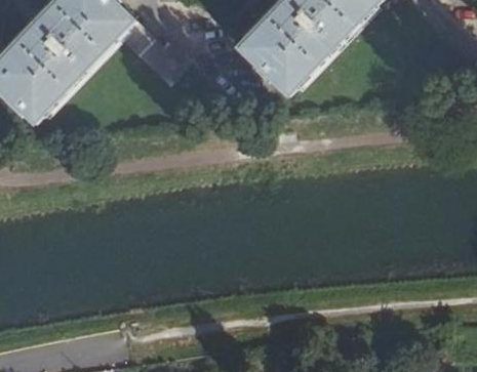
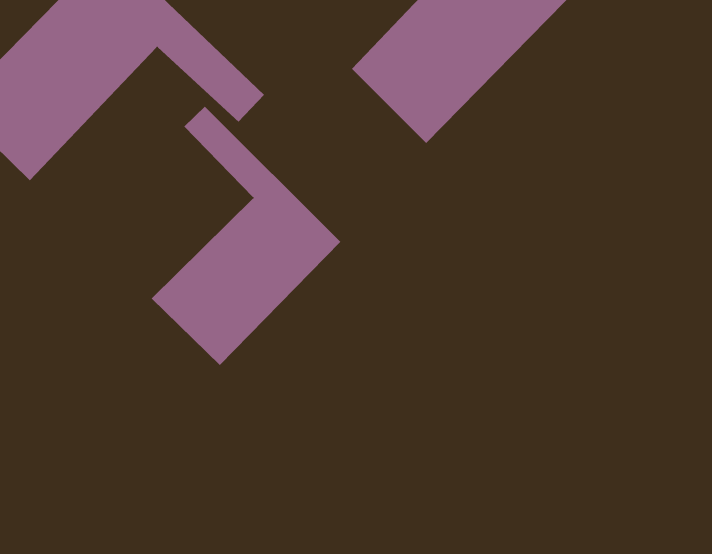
building: none -> [151,106,341,366]

